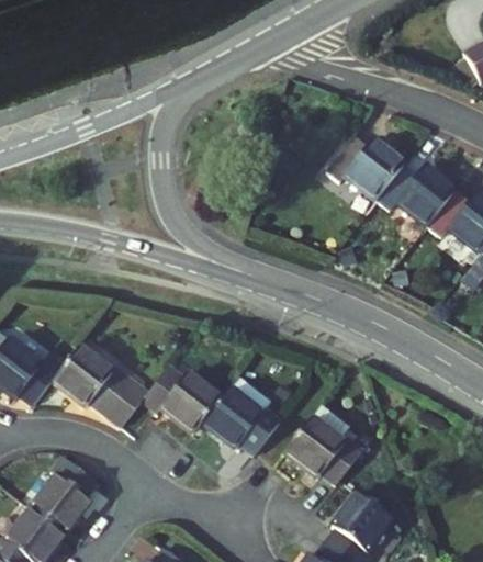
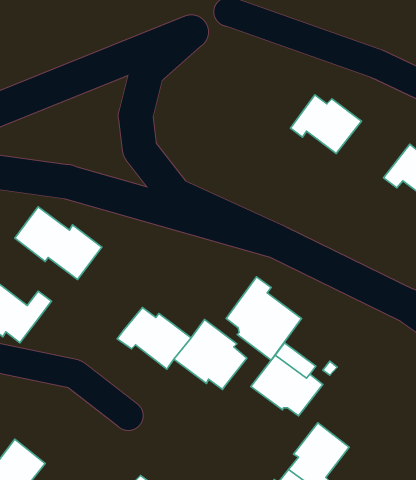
building: [379,164,459,225] -> none
building: none -> [226,277,301,360]
building: [54,347,148,426] -> [15,207,102,280]
building: [31,456,99,535] -> none

